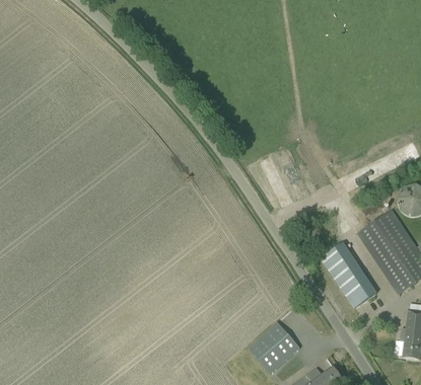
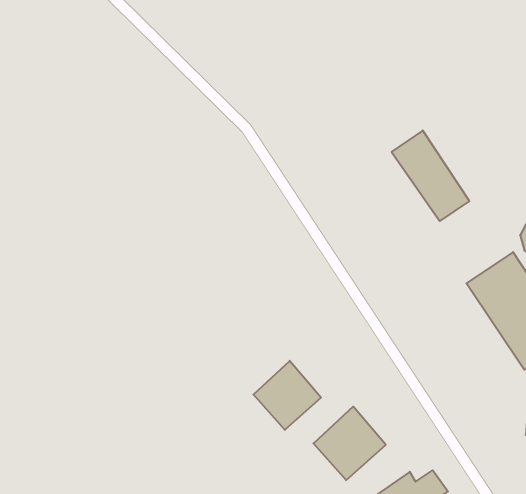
building: [321,242,376,307] -> [392,130,469,221]
building: none -> [253,361,321,430]

